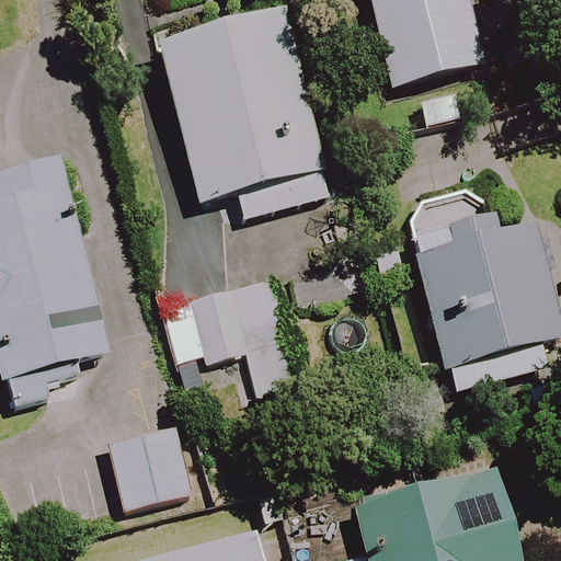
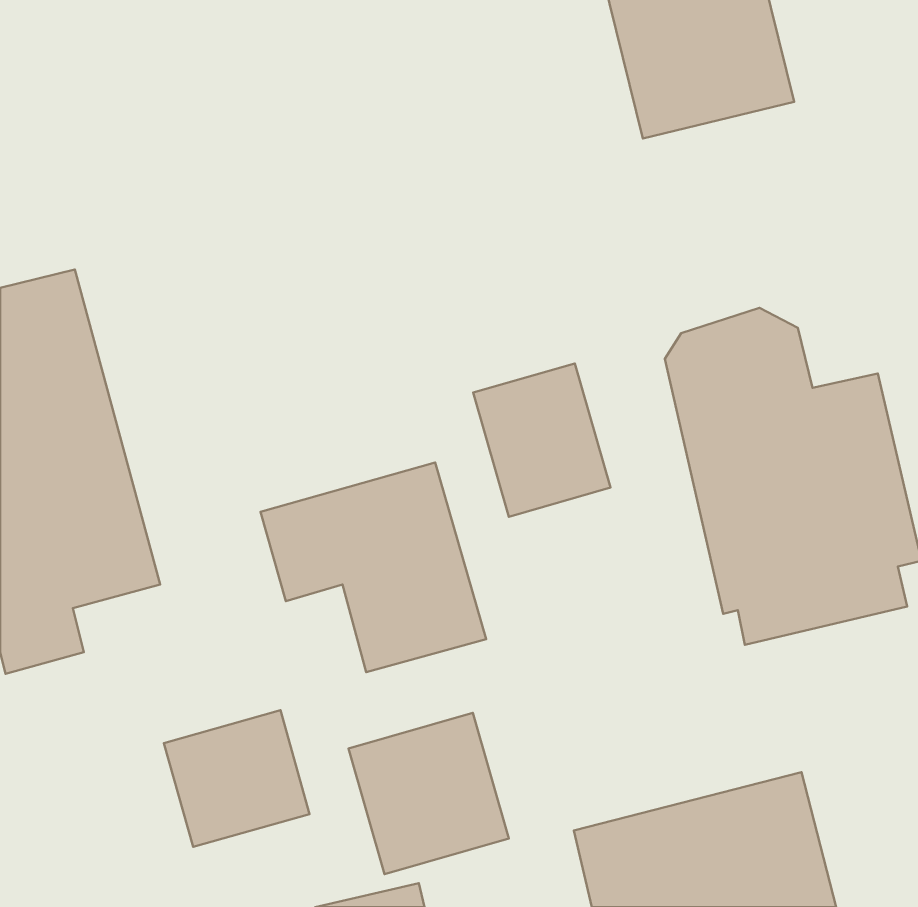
building: [156,9,335,210] -> none
building: none -> [473,363,611,517]
building: none -> [348,713,509,874]

